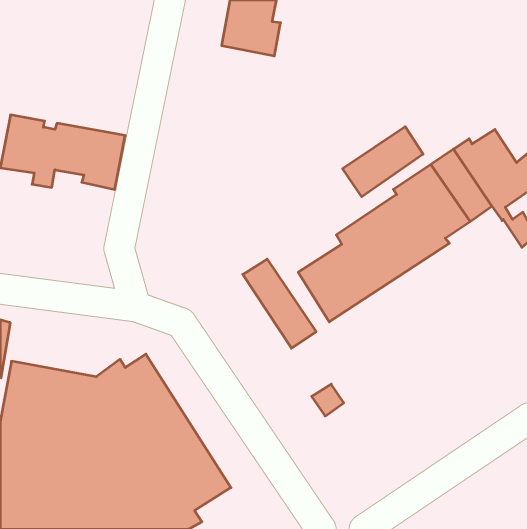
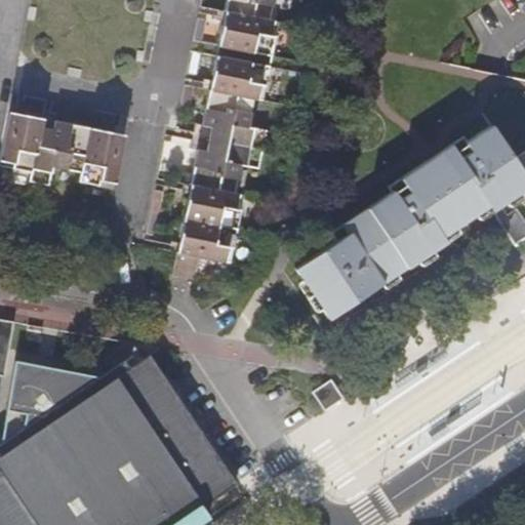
building: none -> [174,56,271,278]
building: [343,127,423,197] -> none
building: [243,259,316,348] -> none

